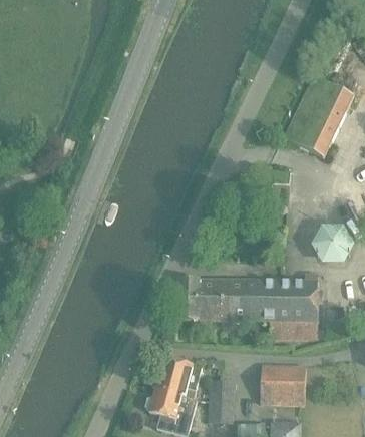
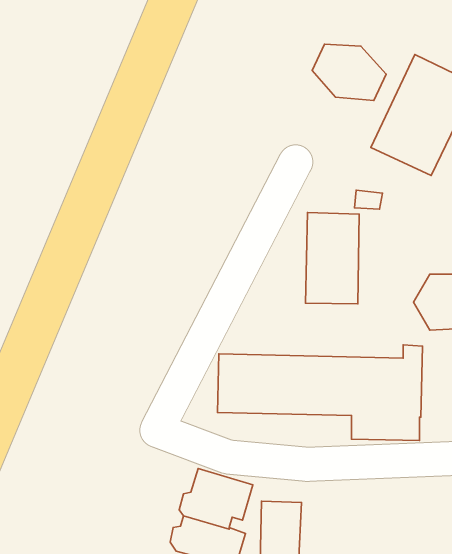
building: none -> [312,44,386,101]
building: none -> [306,213,359,304]
building: [261,364,306,403] -> none

